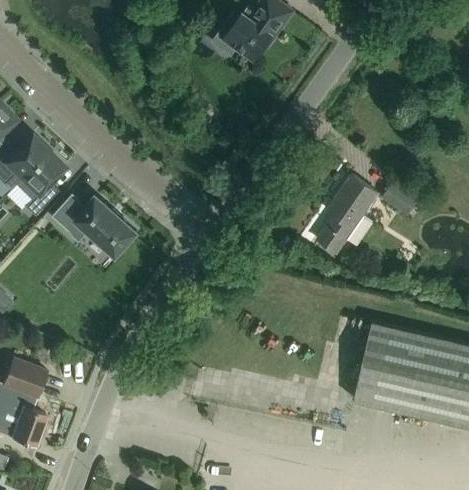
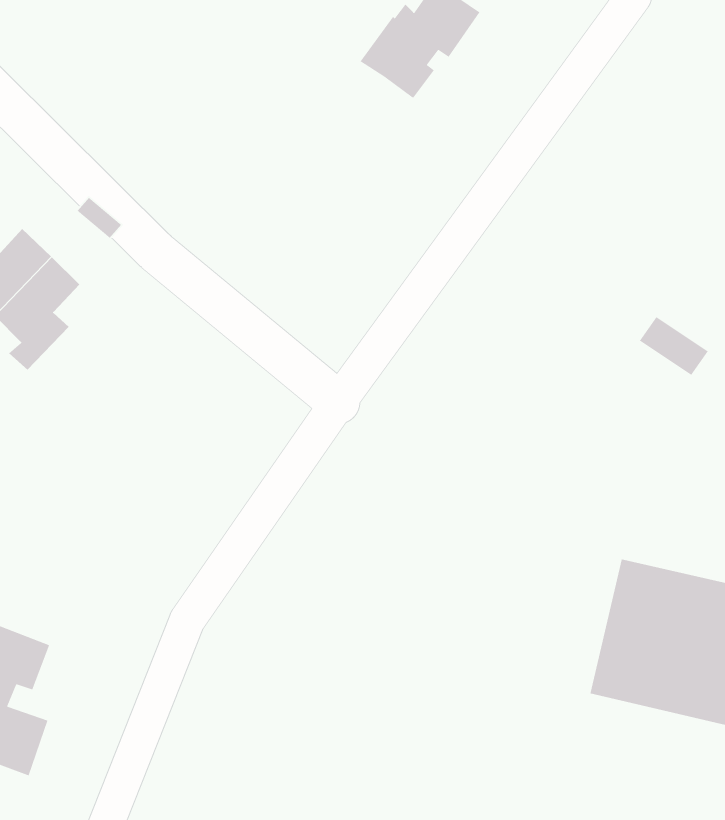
building: [317,176,378,254] -> none
building: [50,195,137,256] -> none

